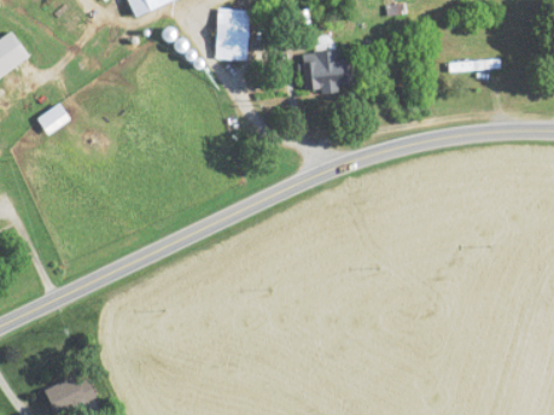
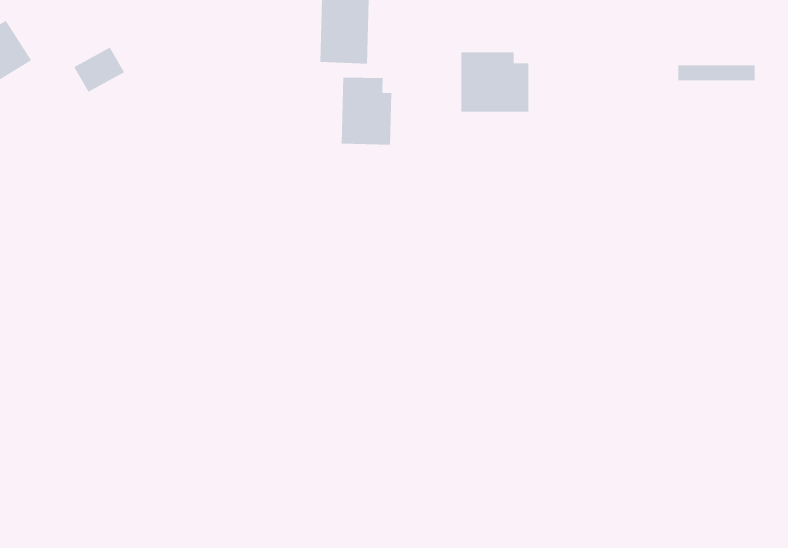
building: none -> [341,77,392,145]
building: [35,104,69,134] -> [73,47,125,93]

